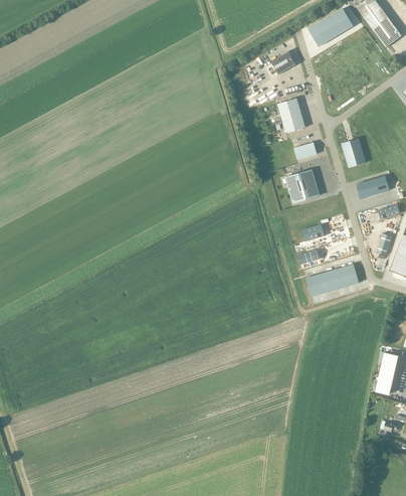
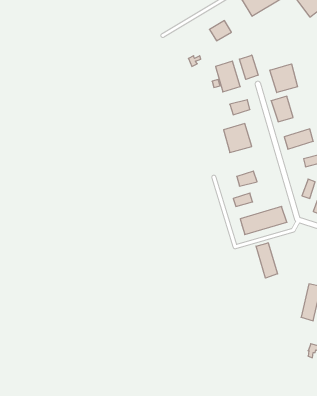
building: none -> [239,55,258,79]
building: none -> [270,64,297,93]
building: none -> [256,243,278,278]

